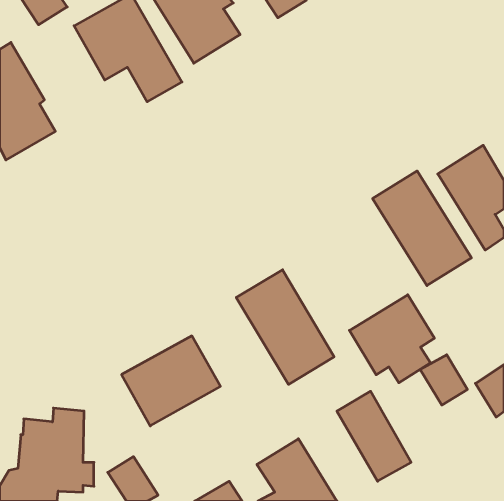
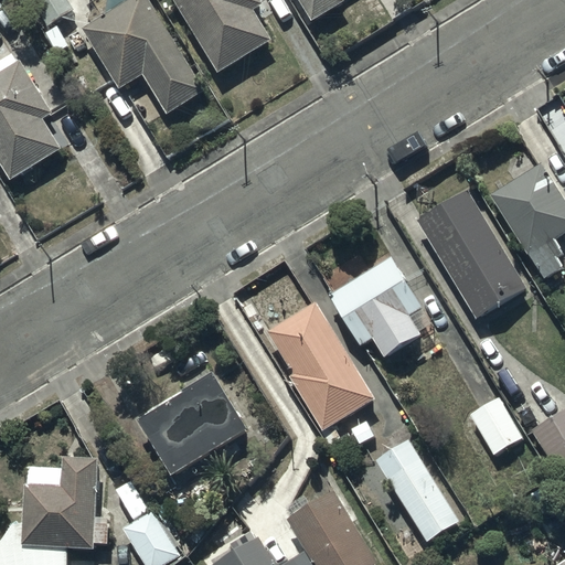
building: [349,295,434,383] -> [328,258,423,356]

